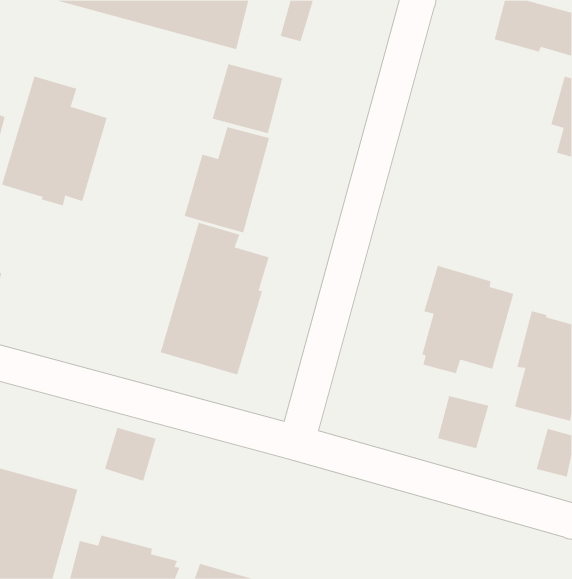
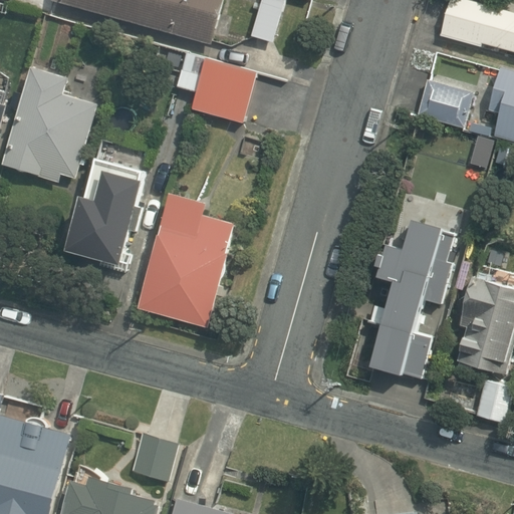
building: none -> [415,77,472,130]
building: [184,127,270,233] -> [65,169,142,263]
building: [104,427,156,481] -> [131,433,177,481]

